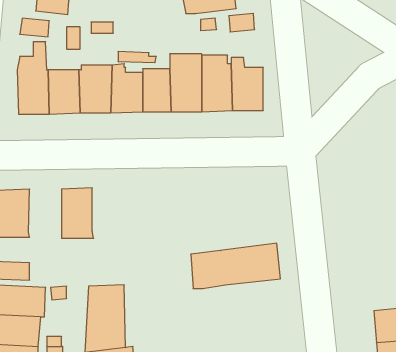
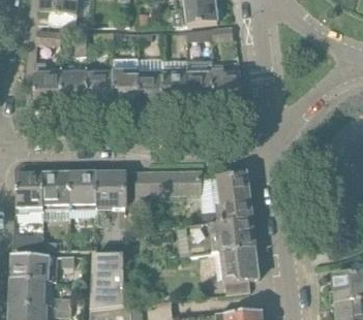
building: none -> [135,170,251,224]
building: none -> [96,171,125,207]
building: none -> [42,172,70,209]
building: none -> [208,248,259,293]

